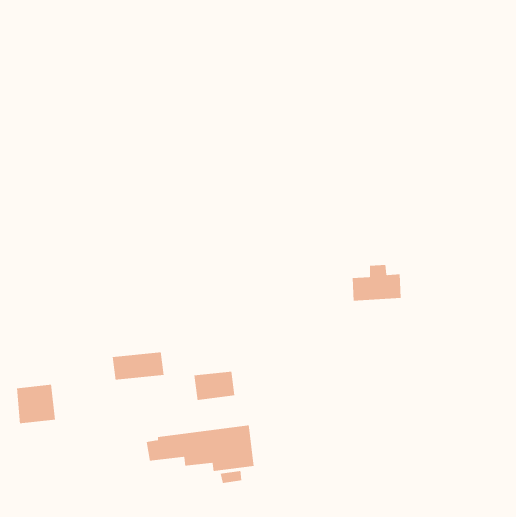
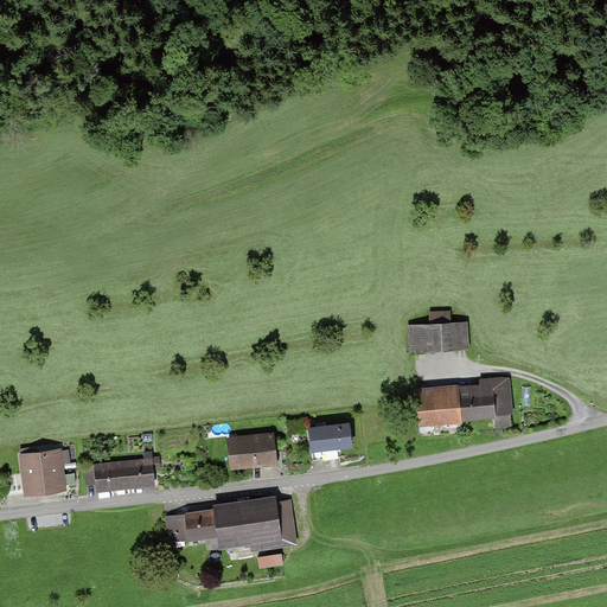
building: none -> [414,378,512,424]
building: [112,352,165,380] -> [92,458,154,491]
building: none -> [306,422,349,451]

